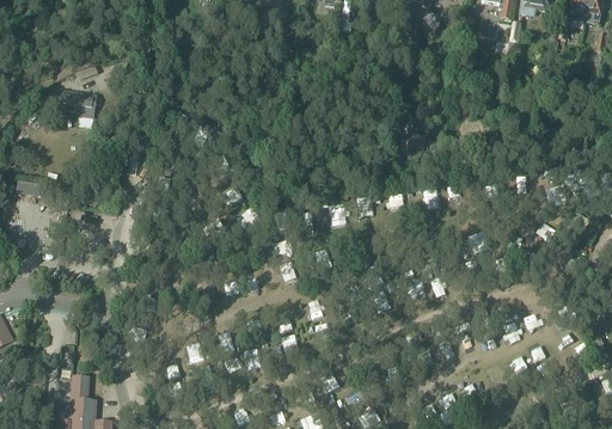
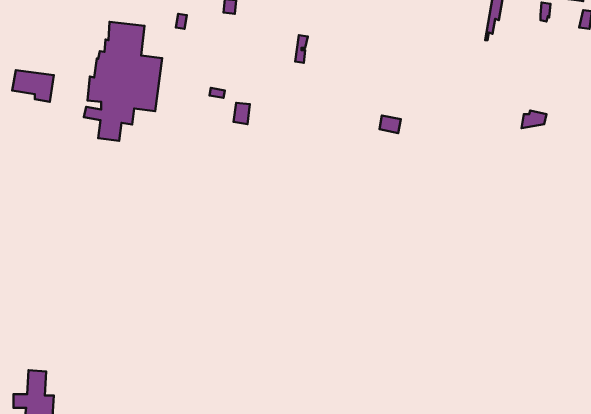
building: none -> [84,22,162,141]

